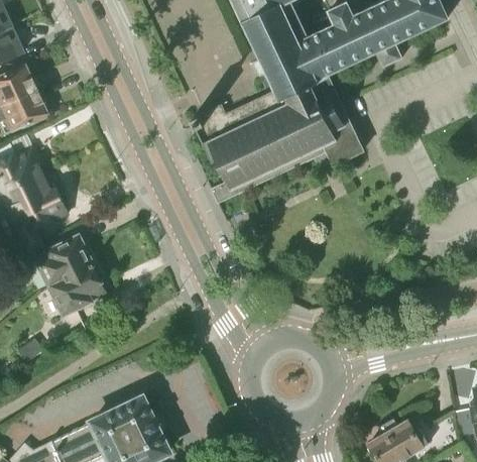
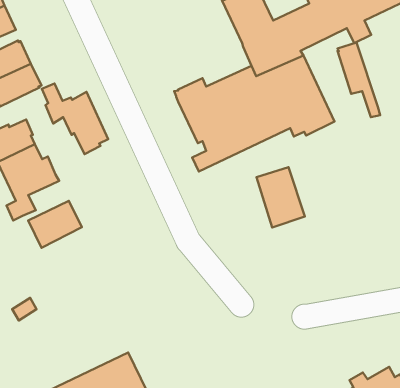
building: none -> [337,43,380,117]
building: none -> [42,83,108,154]
building: none -> [257,167,305,228]
building: [48,263,106,315] -> none

